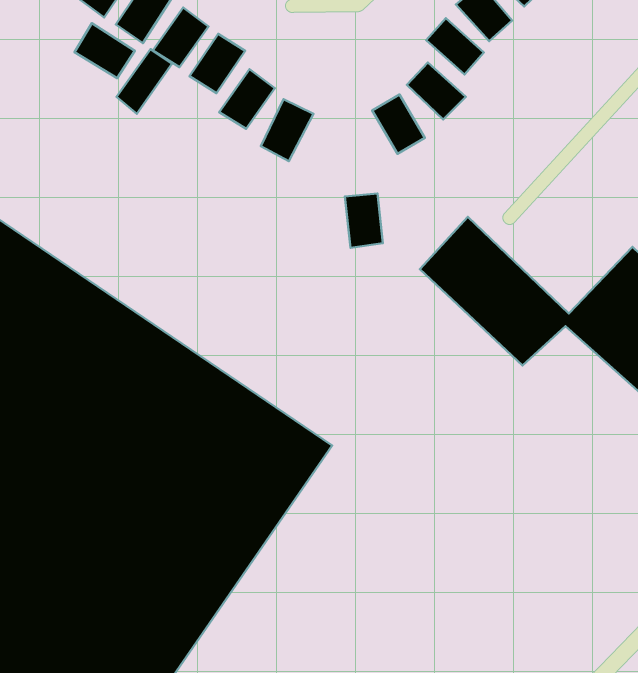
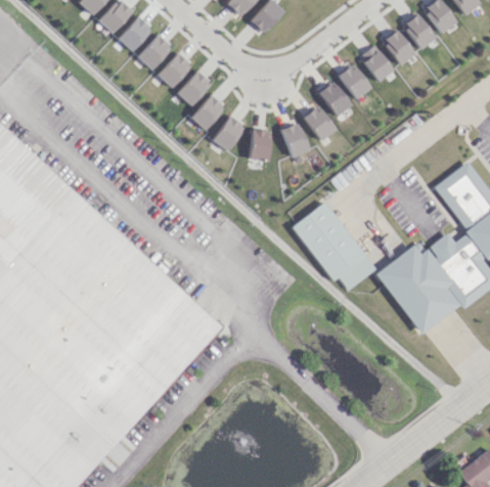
building: [74,23,135,78] -> none
building: [116,49,172,114] -> none
building: [345,193,383,248] -> [249,130,269,161]

